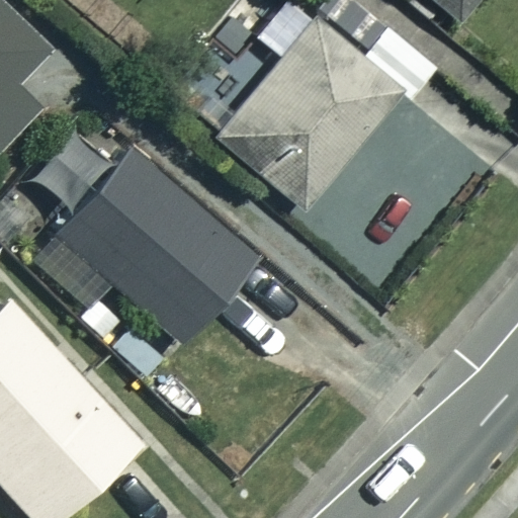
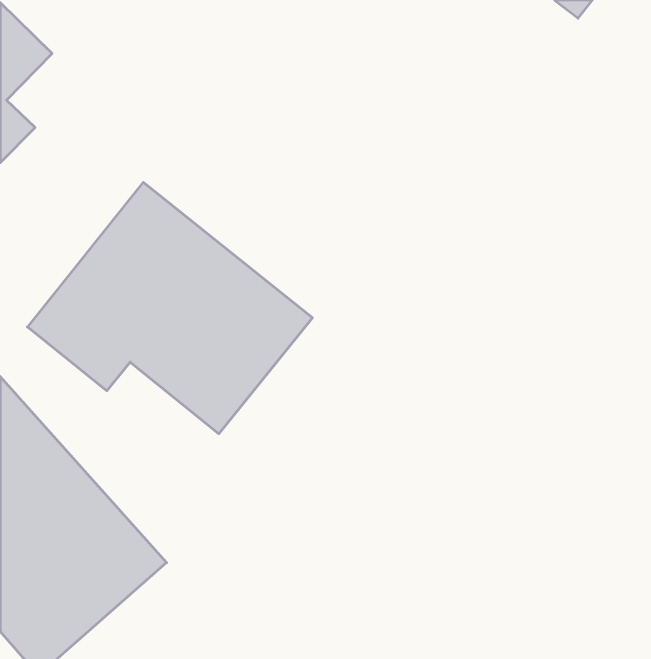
building: [218,17,404,211] -> none

